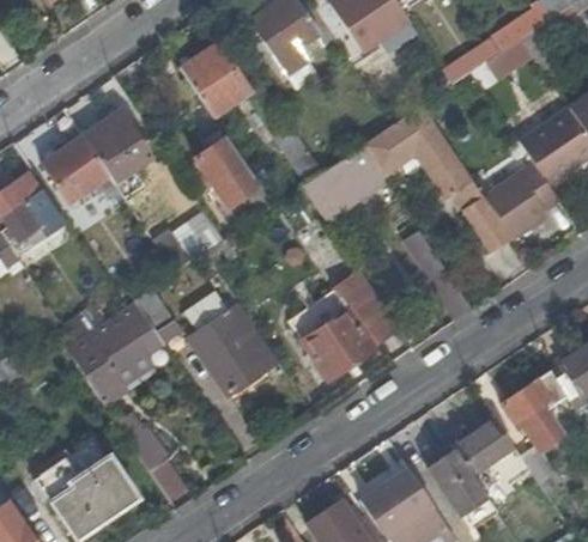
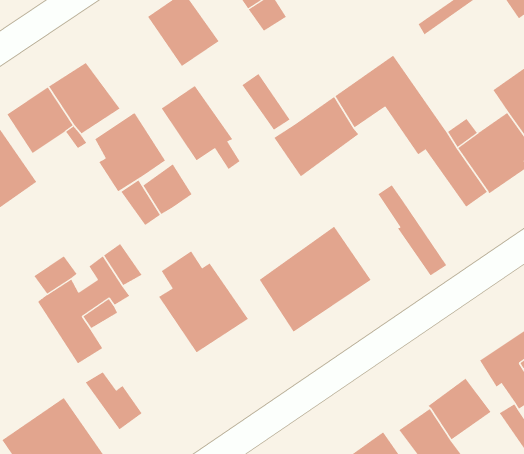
building: none -> [94,113,166,192]

